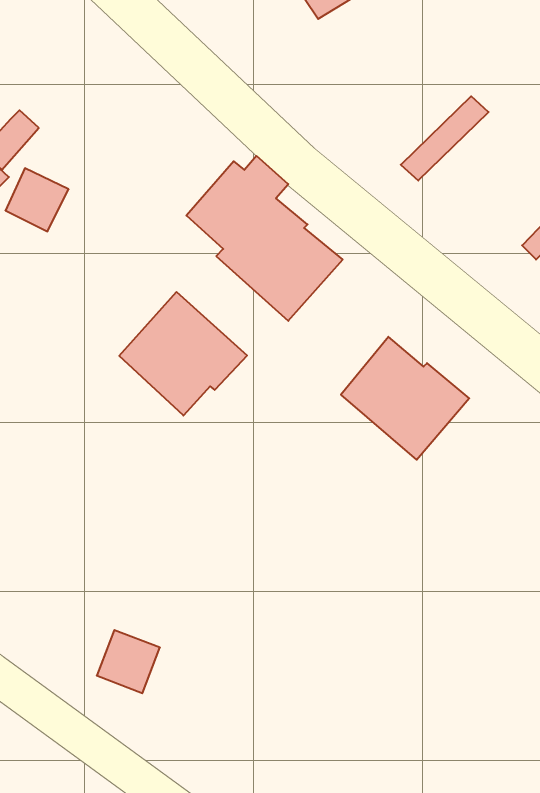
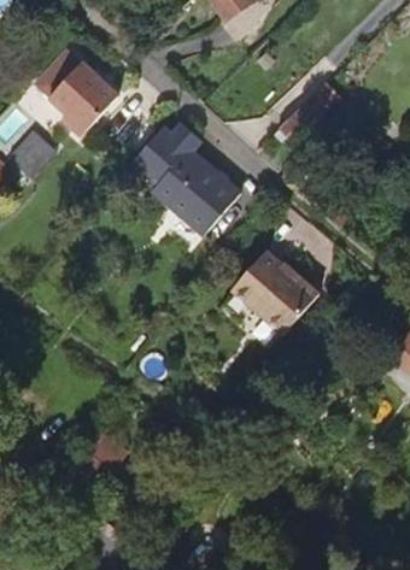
building: none -> [34,47,117,135]
building: [119,292,247,416] -> none

